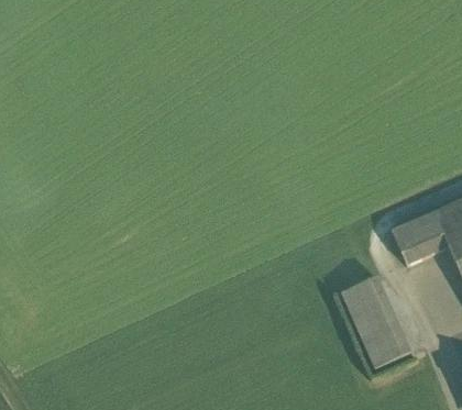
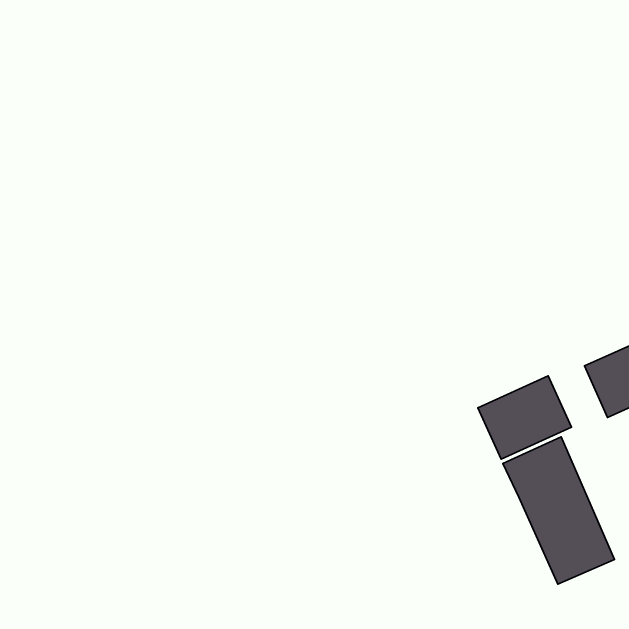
building: none -> [478,376,571,459]

